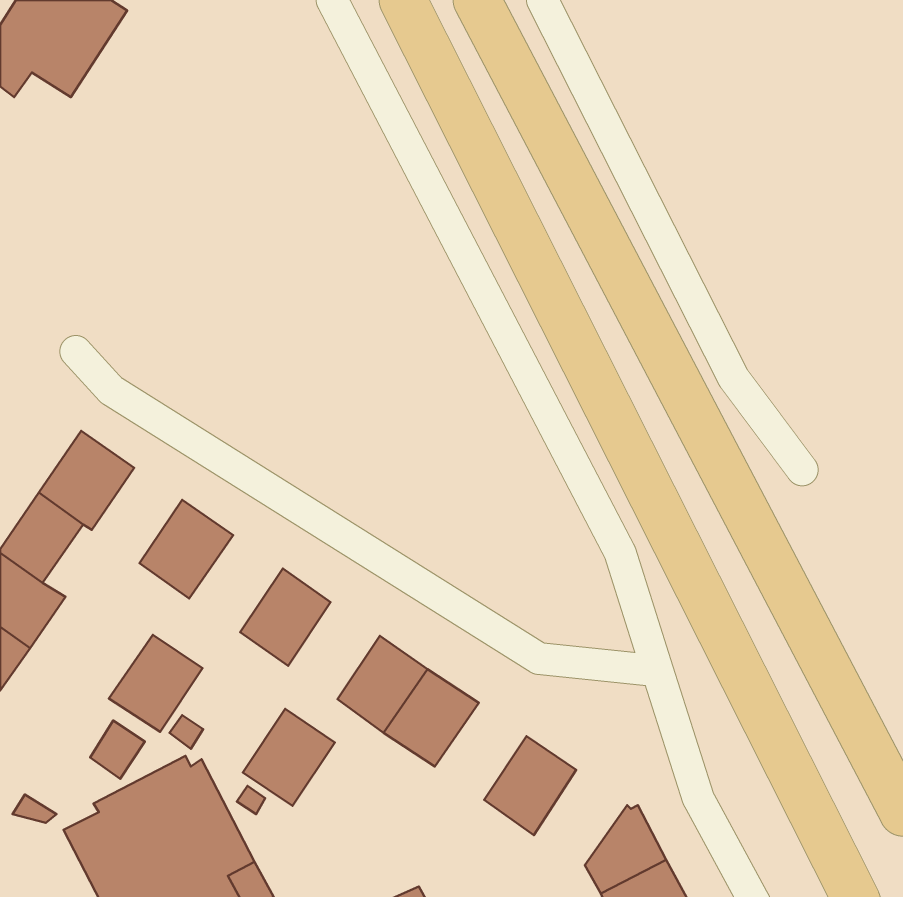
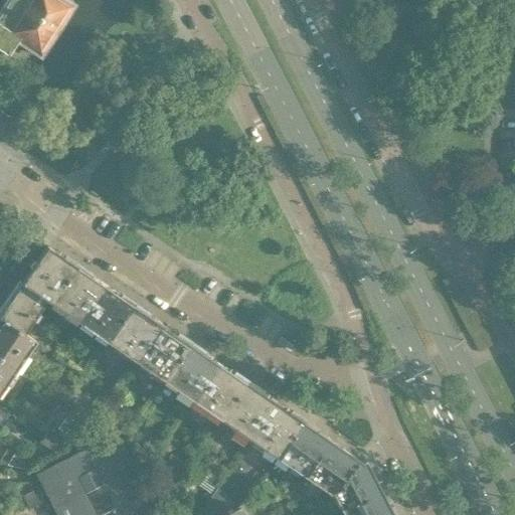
building: none -> [52,270,104,324]
building: [109,635,202,732] -> [108,308,161,363]
building: none -> [247,403,300,459]
building: [243,709,335,806] -> [164,346,216,401]
building: none -> [304,442,357,497]

